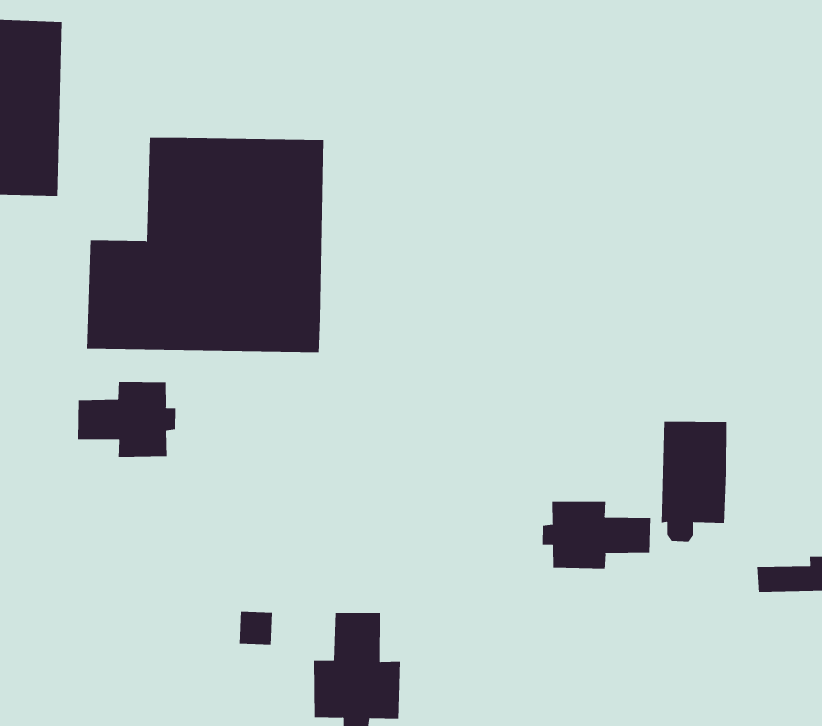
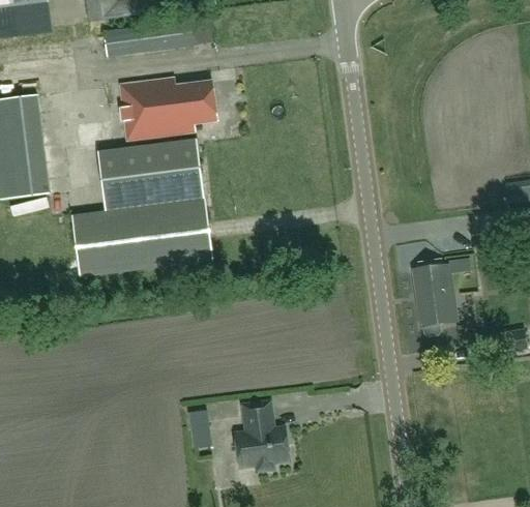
building: none -> [119,78,216,140]
building: [77,381,176,458] -> none
building: [542,501,651,570] -> none

